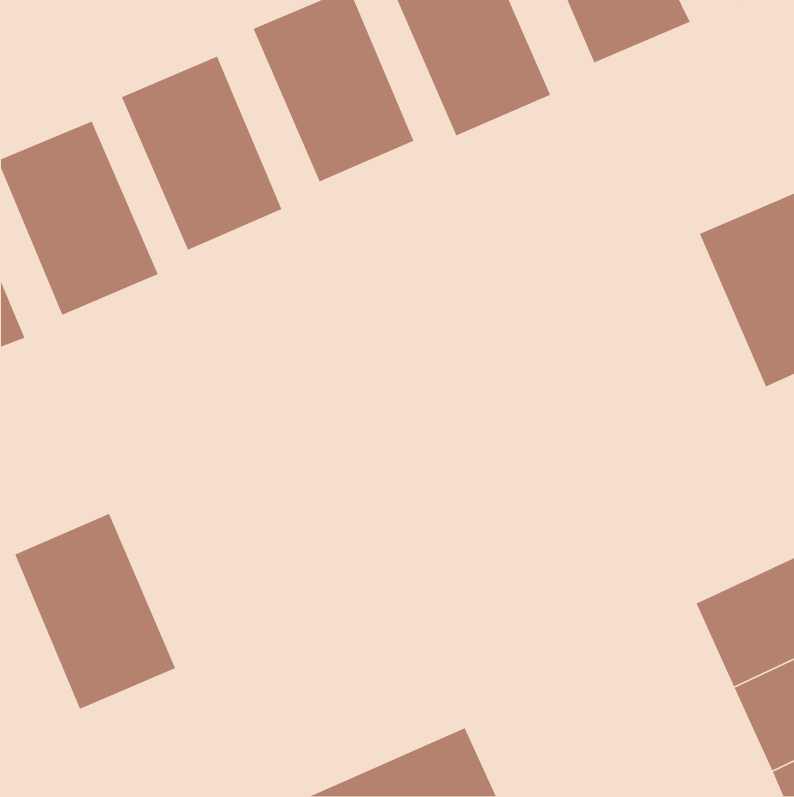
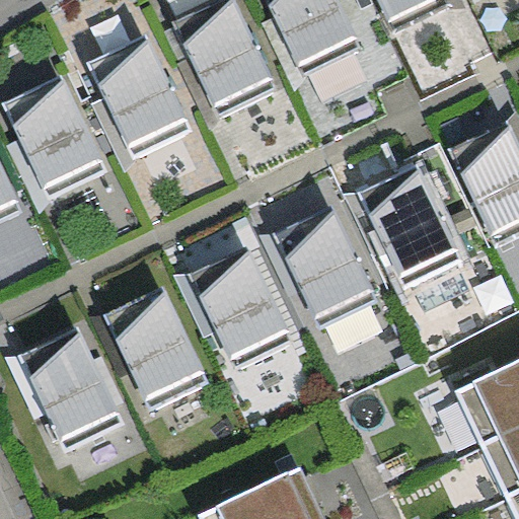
building: none -> [359,166,462,292]
building: none -> [273,208,376,333]
building: none -> [189,248,293,373]
building: none -> [107,289,211,414]

